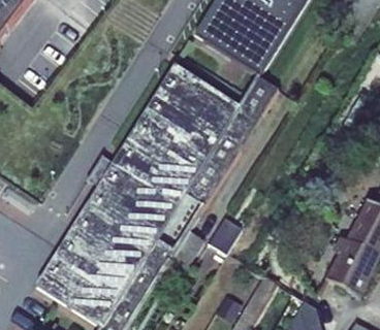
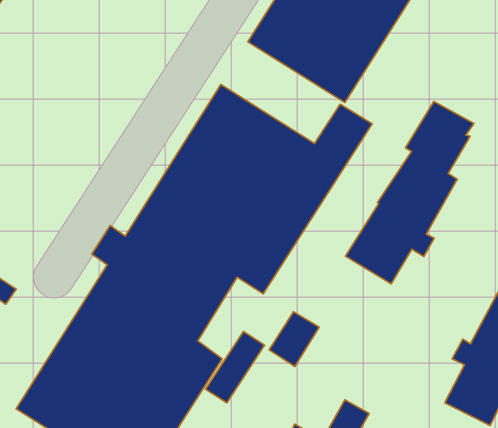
building: none -> [346,102,474,284]

